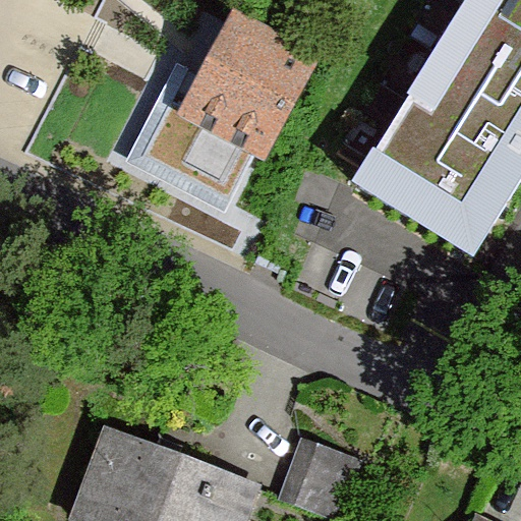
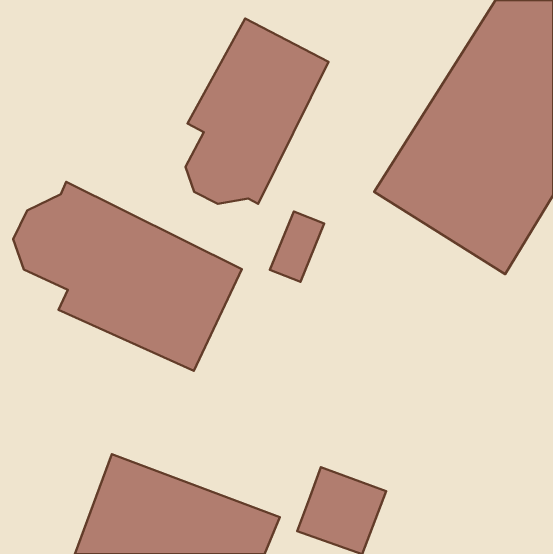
building: none -> [13,182,242,371]

